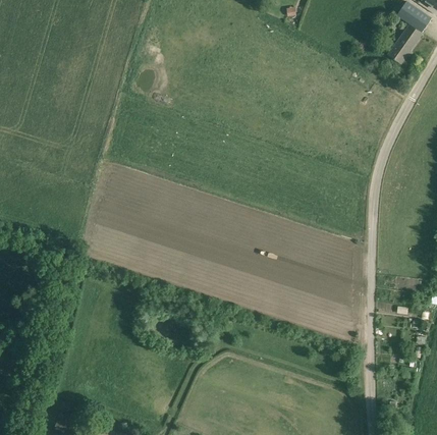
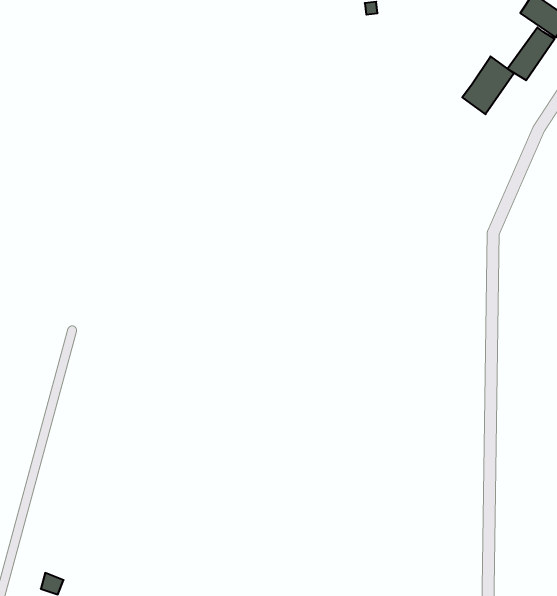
building: none -> [462,56,514,114]

